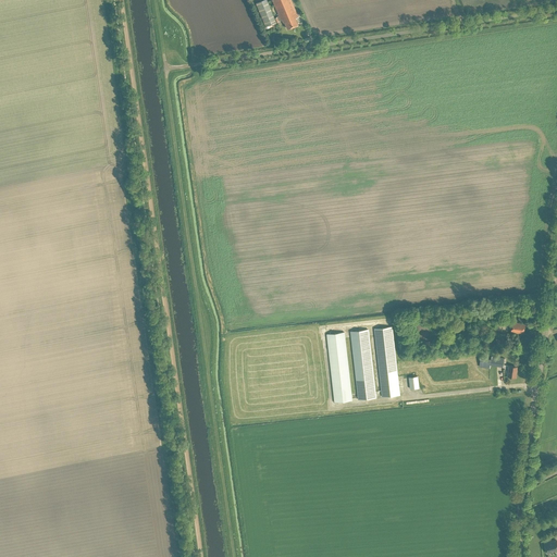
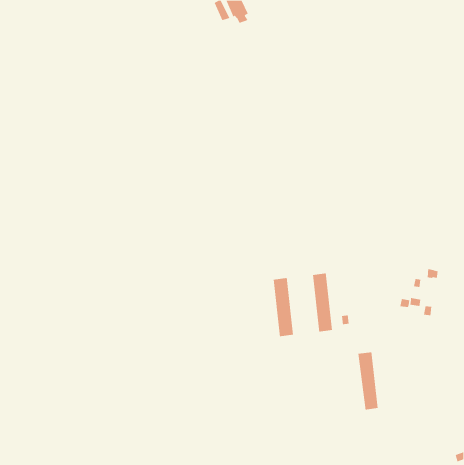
building: [349,330,374,399] -> [358,352,379,410]

